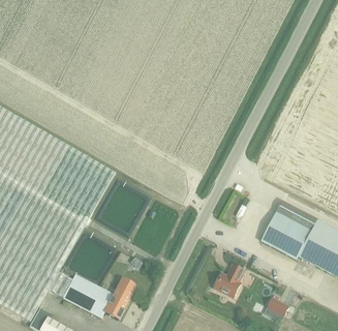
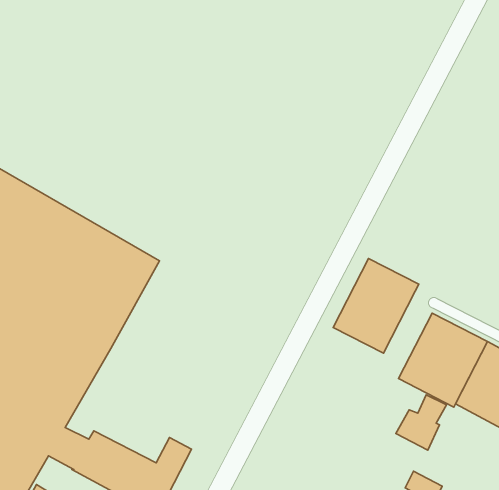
building: none -> [333,258,419,353]
building: [213,264,244,298] -> [396,395,446,450]

